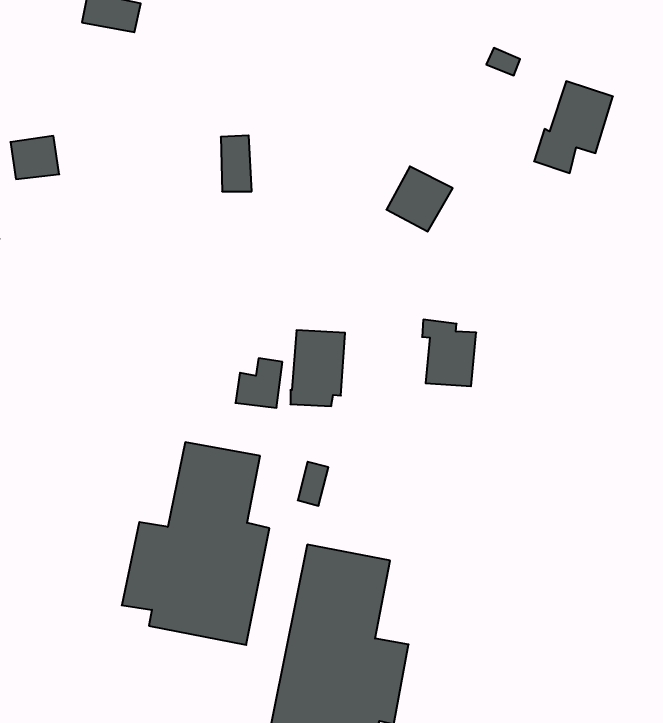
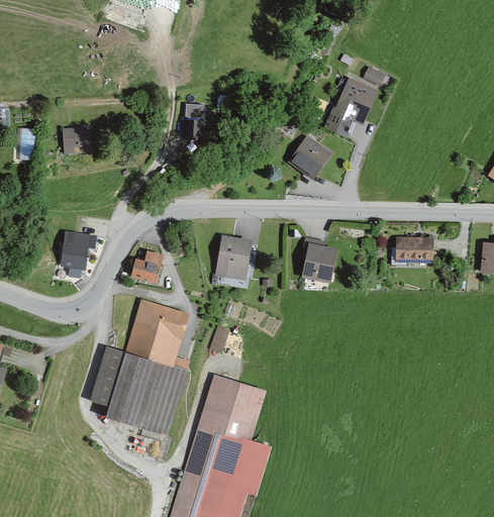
building: [534,81,613,173] -> [323,76,379,135]
building: [10,136,59,179] -> [63,127,92,152]
building: none -> [390,237,433,266]
building: none -> [63,234,93,270]
building: [235,358,282,408] -> [129,250,163,284]

